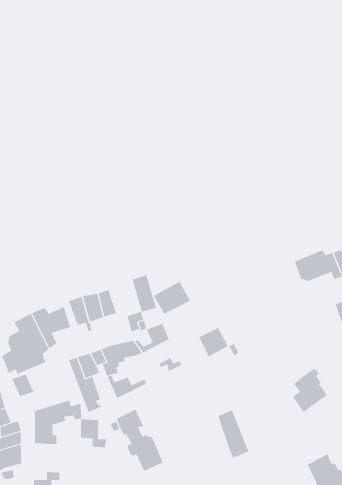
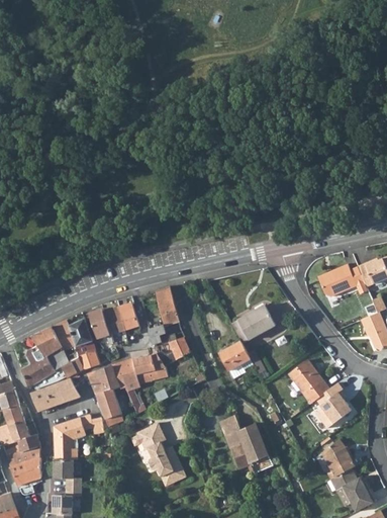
building: [153,281,191,315] -> [235,301,274,336]
building: none -> [63,340,99,375]
building: none -> [290,357,329,401]
building: none -> [45,378,80,406]
building: none -> [219,417,251,468]
building: [80,419,107,448] -> [54,458,81,488]
building: none -> [320,439,357,478]

